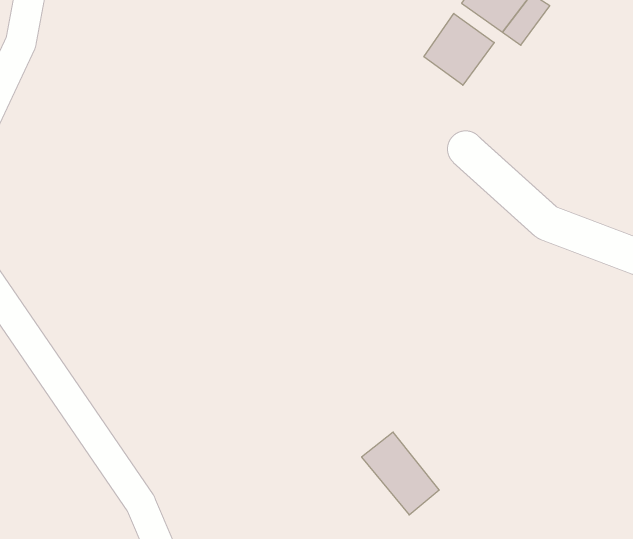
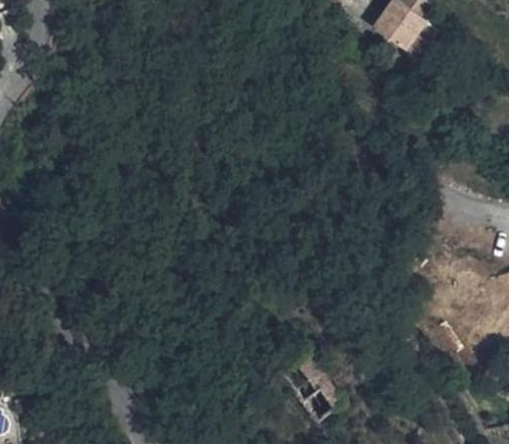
building: [424,13,494,85] -> none

